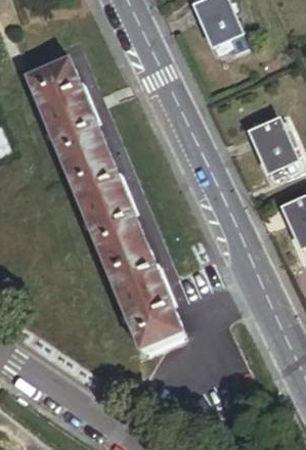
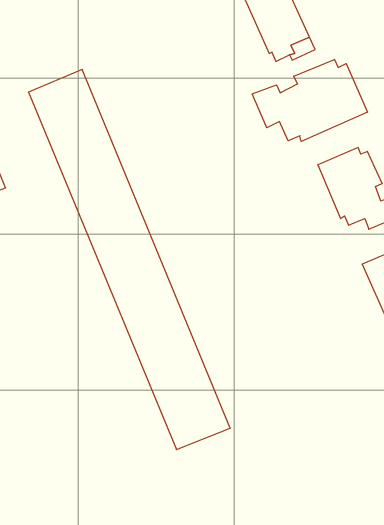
building: none -> [252,59,367,141]

